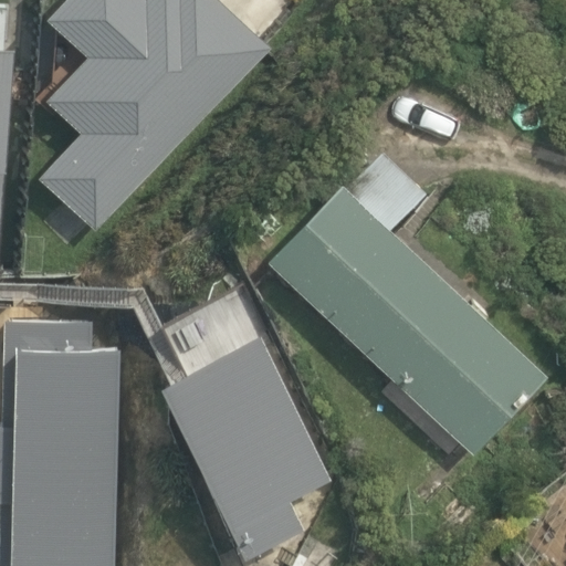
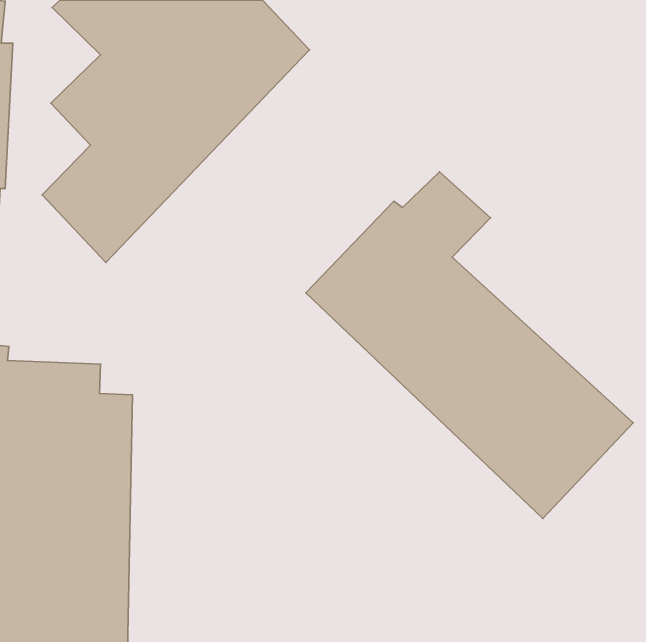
building: [159,337,329,559] -> none

